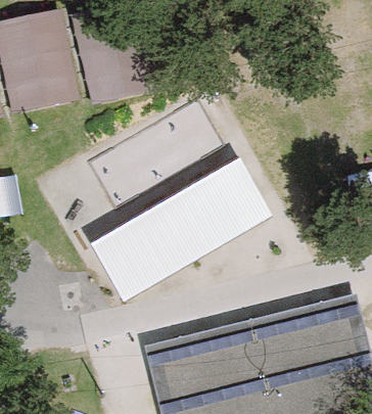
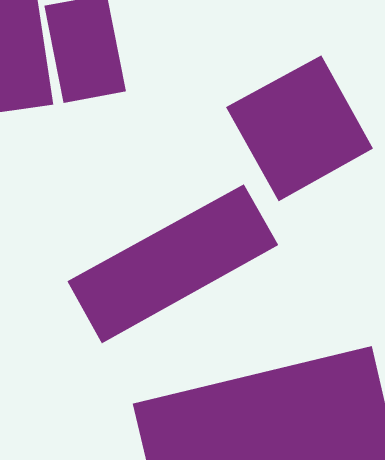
building: none -> [225,55,374,202]

